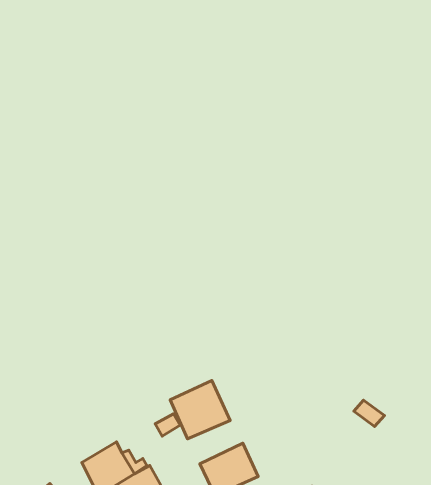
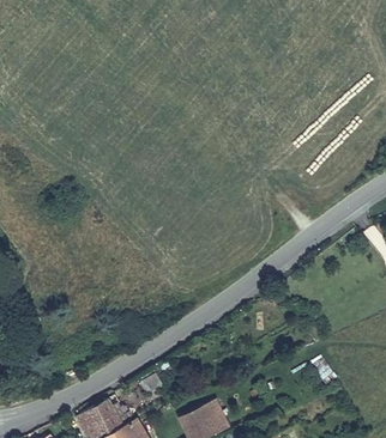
building: [170,380,230,439] -> none

